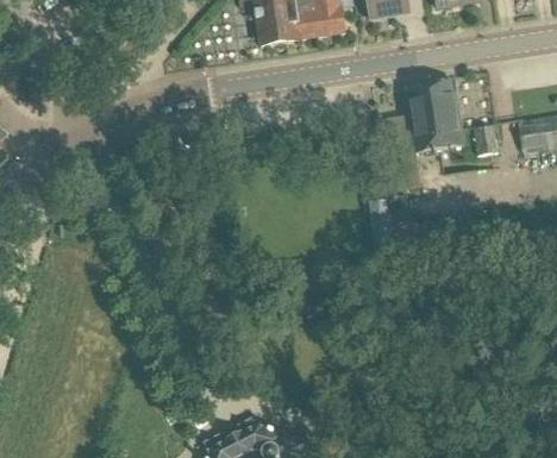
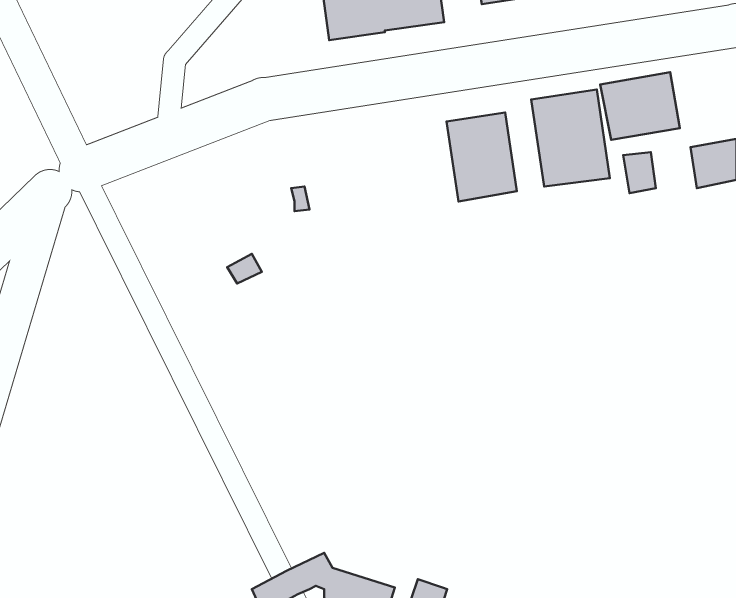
building: none -> [600,72,680,140]
building: none -> [446,113,517,201]

